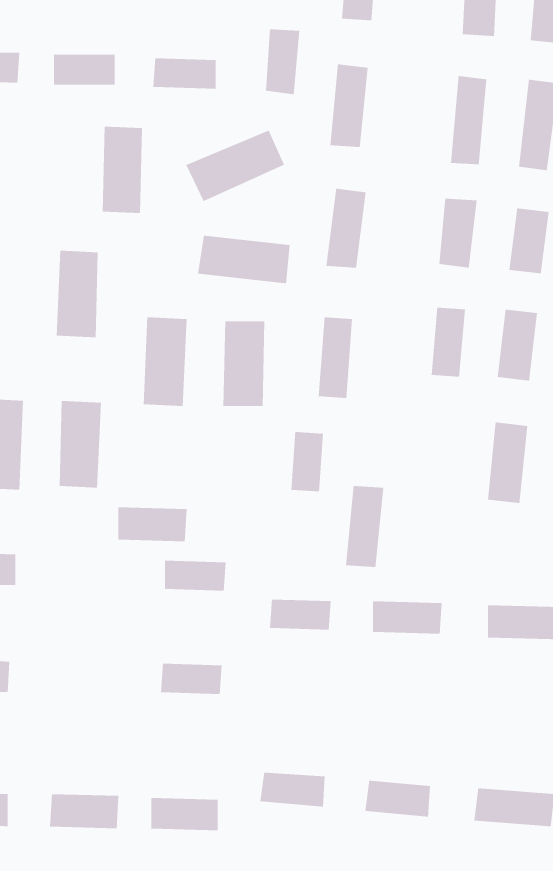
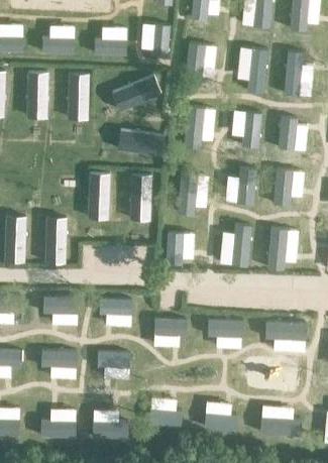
building: [56,250,99,338] -> [25,73,47,118]
building: [345,486,384,567] -> [231,224,251,266]
building: [117,507,187,542] -> [42,297,79,315]
building: none -> [40,351,77,368]

